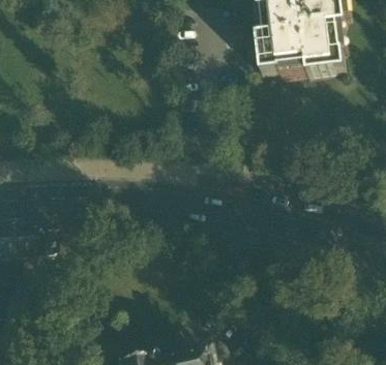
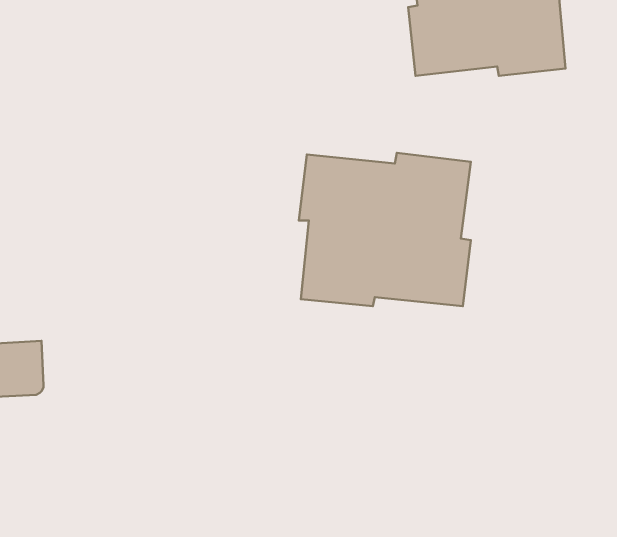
building: none -> [299,153,471,306]

